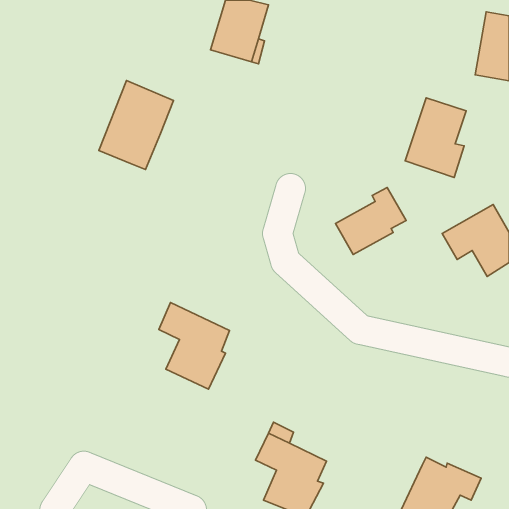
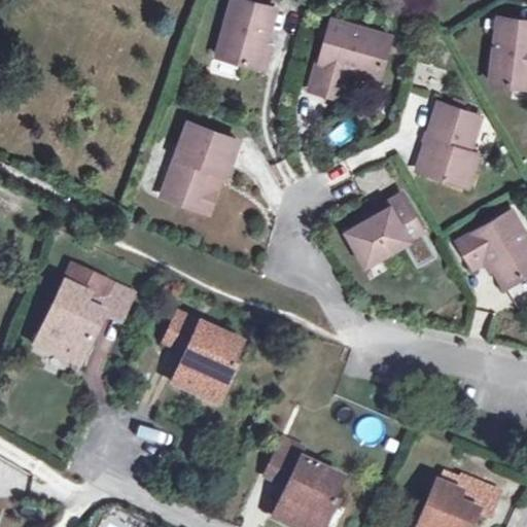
building: none -> [310,16,391,95]
building: [99,81,174,169] -> [163,119,240,211]
building: none -> [34,265,130,363]

